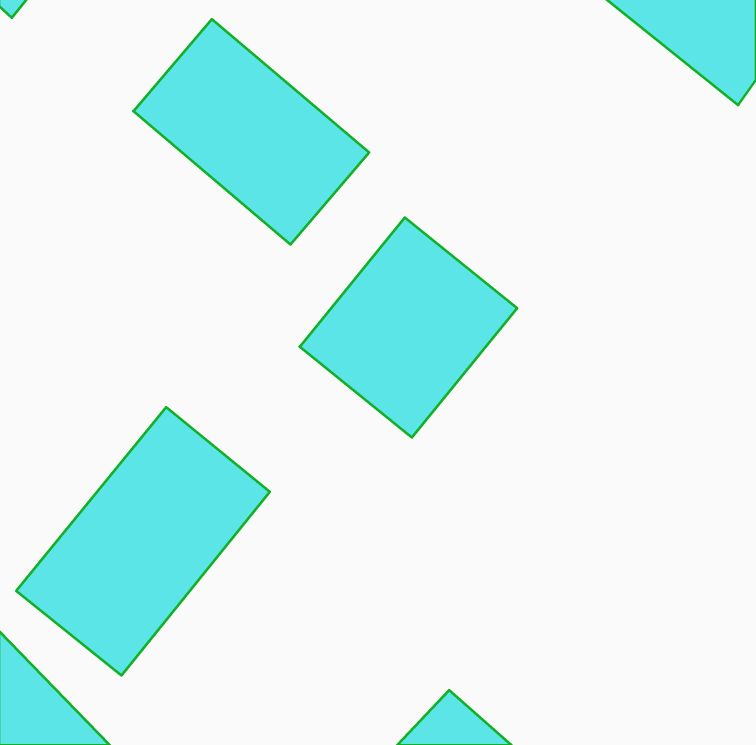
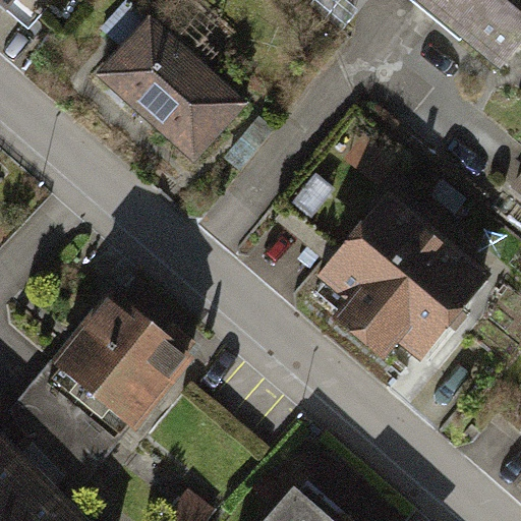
building: [300,218,517,437] -> none
building: none -> [320,191,494,369]

